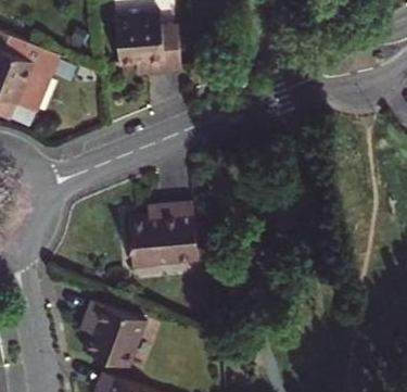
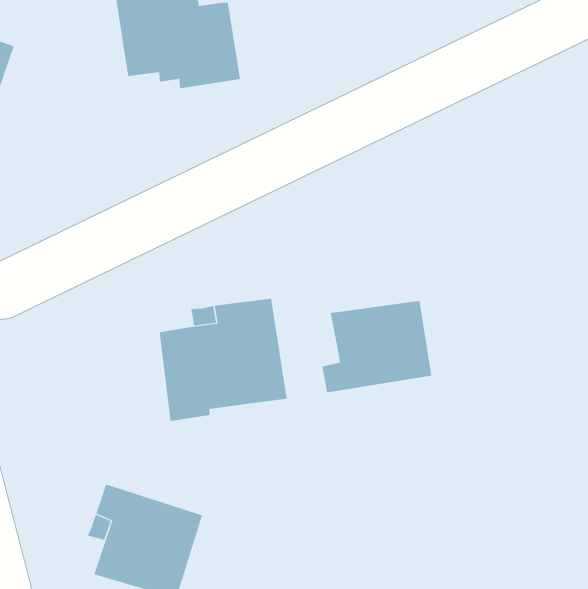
building: none -> [322,300,432,393]

